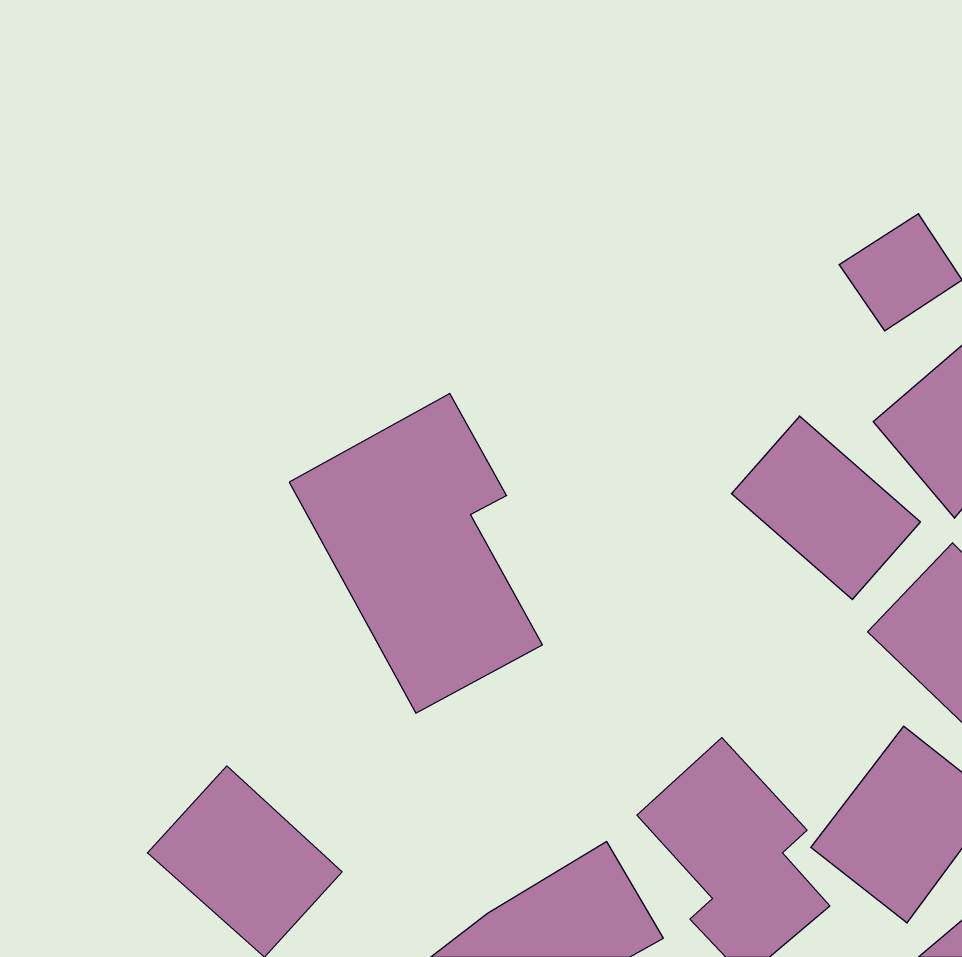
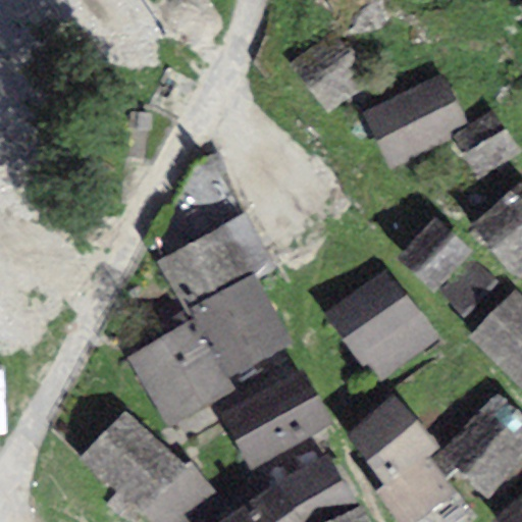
building: none -> [363,68,472,166]
building: none -> [345,298,438,386]
building: none -> [129,321,231,425]
building: none -> [223,376,330,471]

